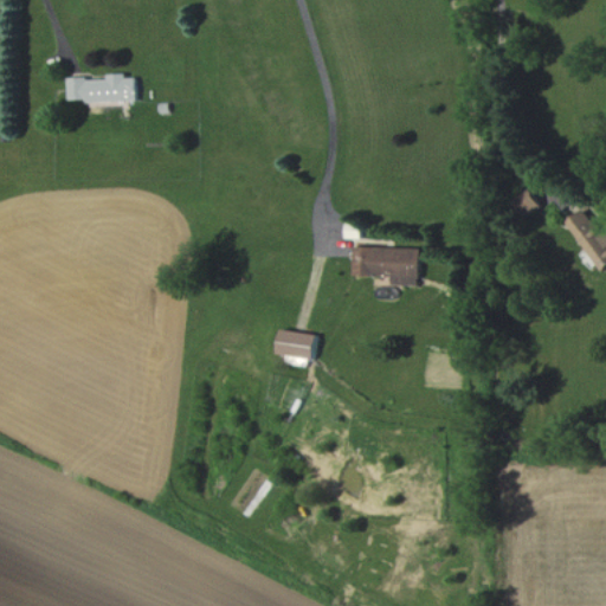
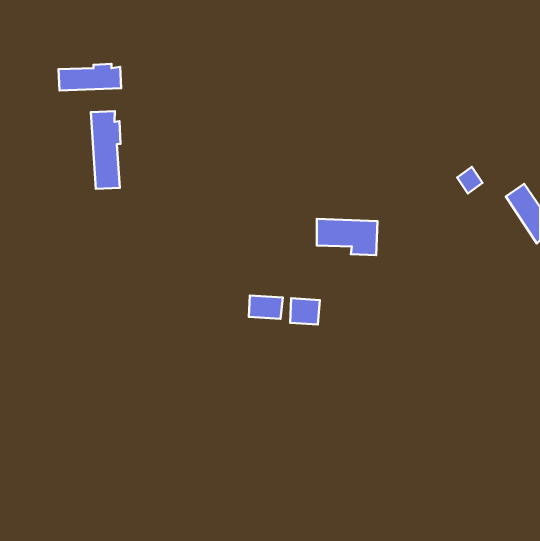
building: none -> [91,111,120,189]
building: none -> [290,298,320,325]

